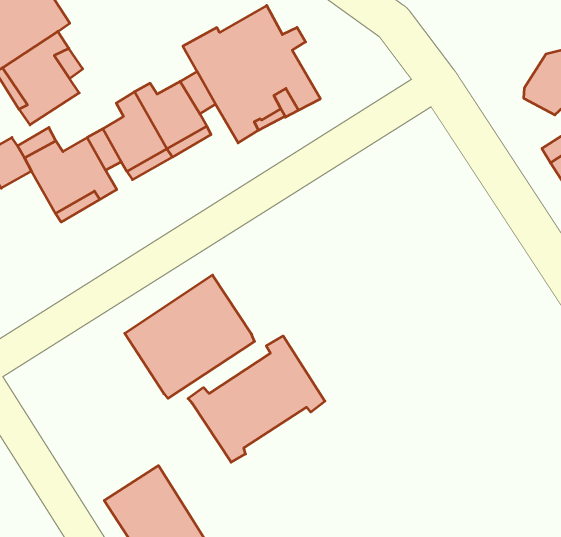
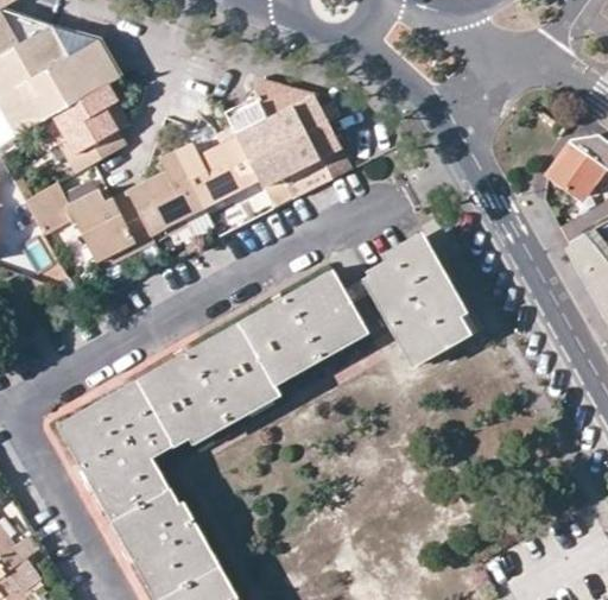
building: none -> [365,241,470,365]
building: none -> [63,377,186,533]
building: [188,336,325,462] -> [236,269,366,385]

